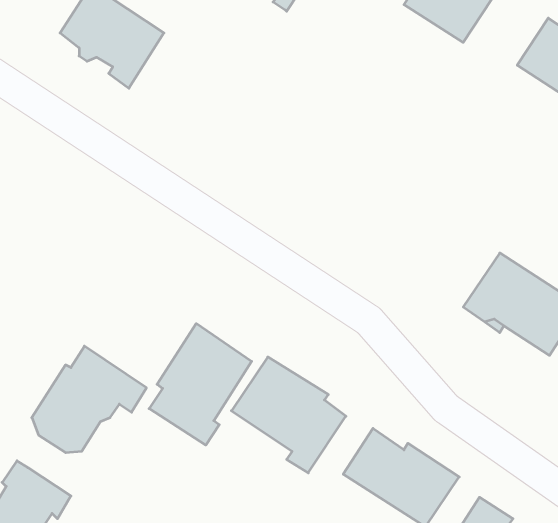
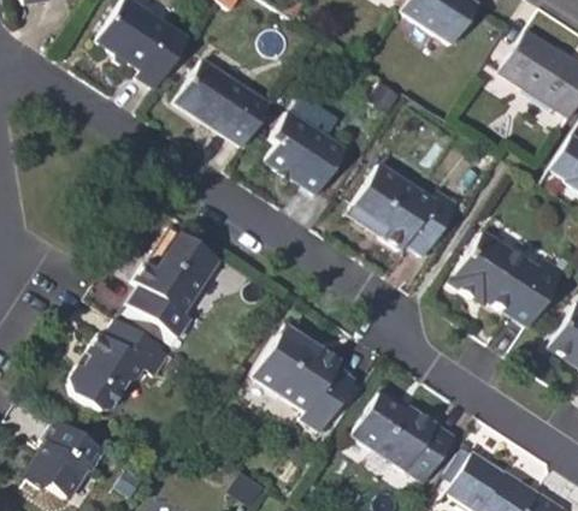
building: none -> [178,59,272,144]
building: none -> [270,108,349,191]
building: none -> [349,165,460,257]
building: [149,324,252,445] -> [126,226,218,334]

